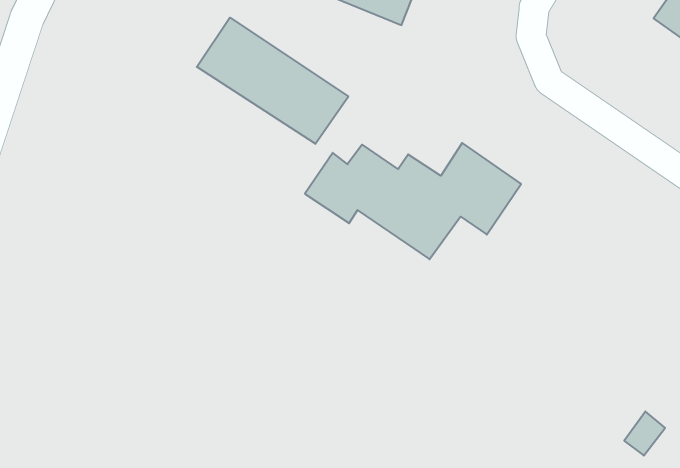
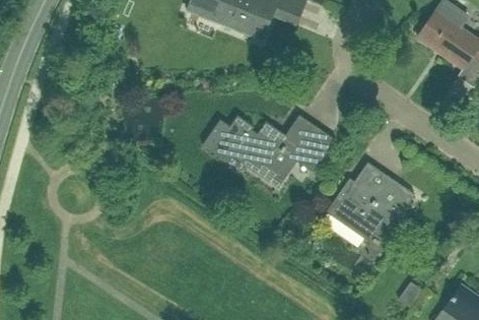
building: [197,18,348,144] -> none
building: none -> [325,161,414,238]

